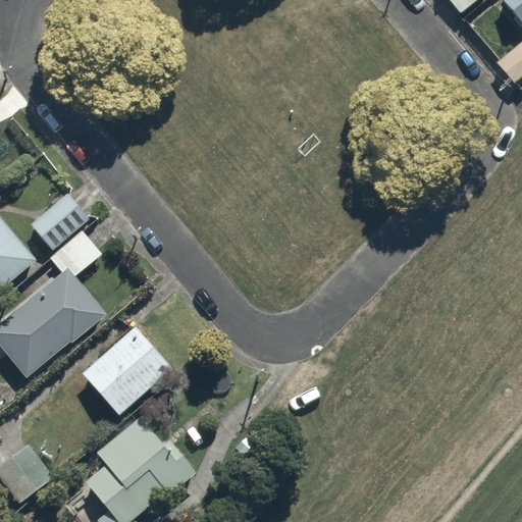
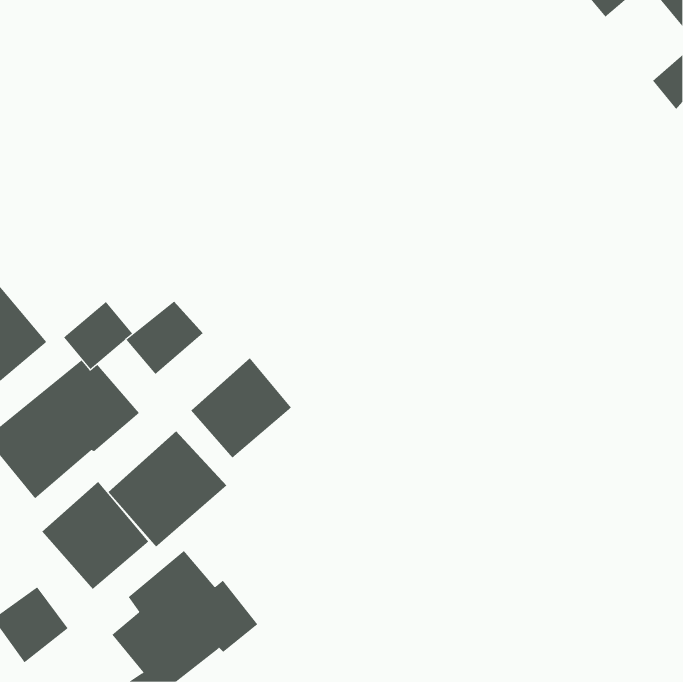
building: [30,194,89,250] -> [126,301,204,375]
building: none -> [190,357,292,458]
building: none -> [42,481,149,590]

